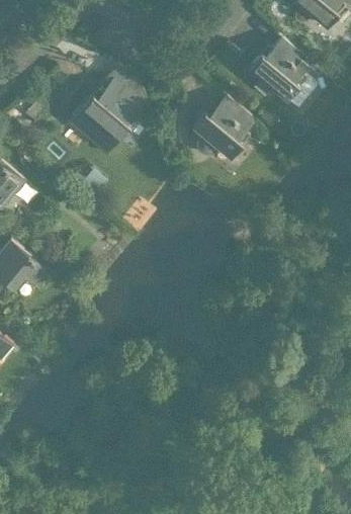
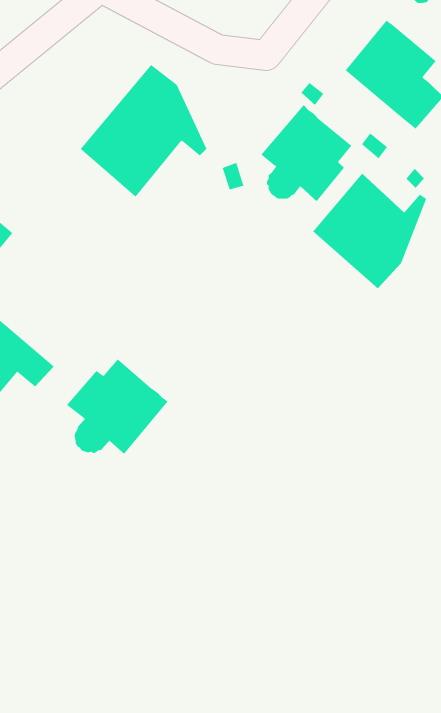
building: none -> [313,173,427,289]
building: none -> [66,359,169,454]

